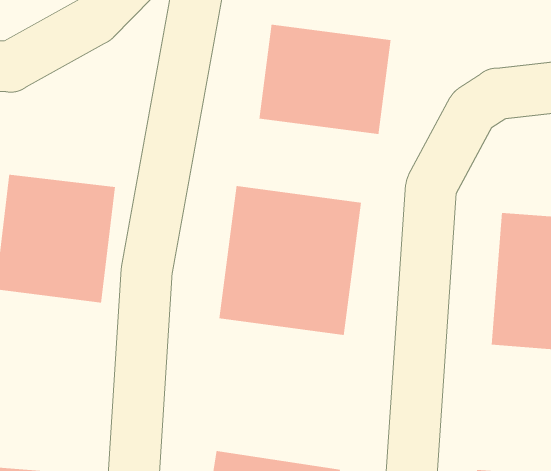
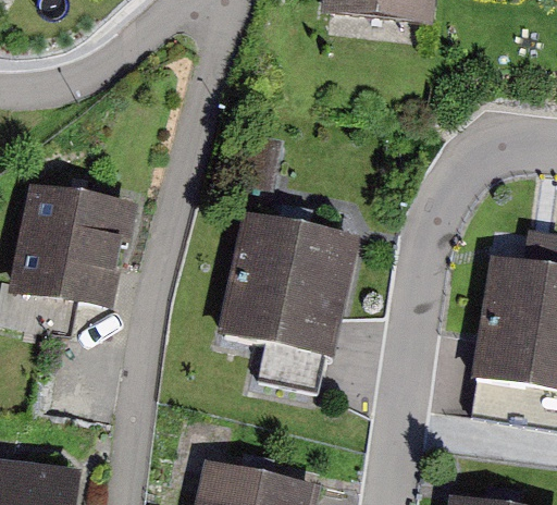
building: [259,24,391,135] -> none

